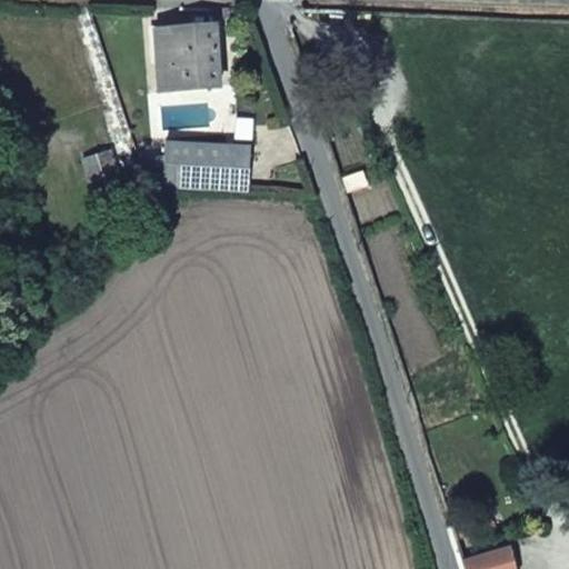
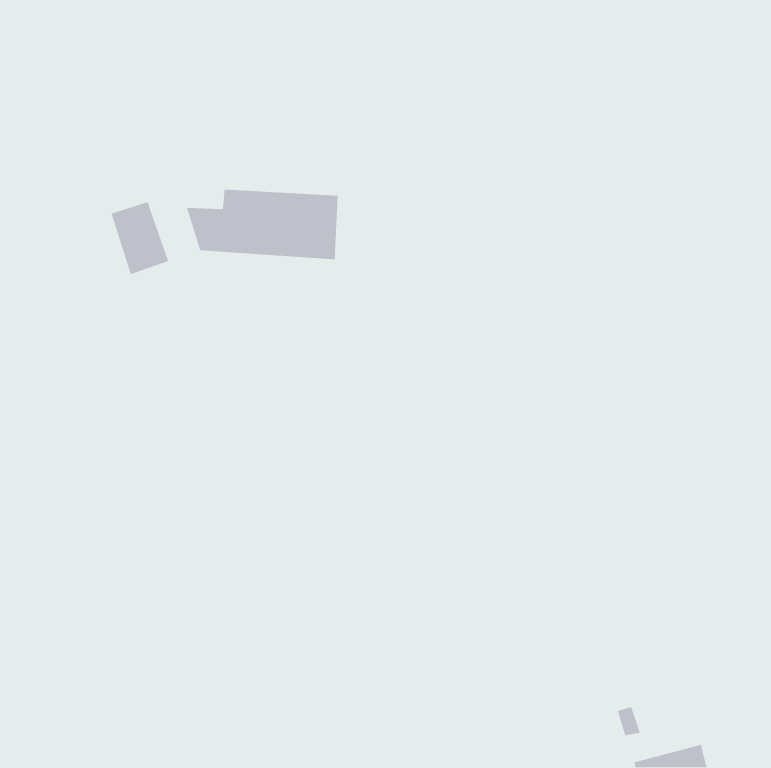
building: [156,28,217,89] -> none

